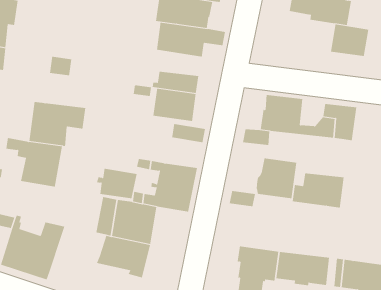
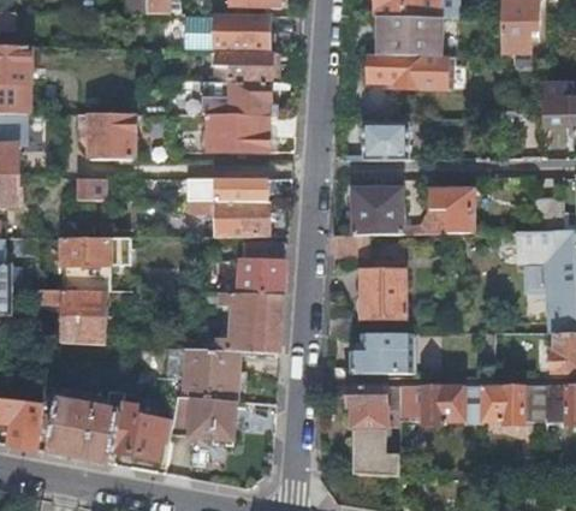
building: none -> [76,115,135,160]
building: [330,24,369,57] -> [364,124,410,160]
building: [96,168,137,199] -> [233,261,284,295]
building: [292,173,345,208] -> [350,333,412,373]
building: none -> [113,405,172,461]

